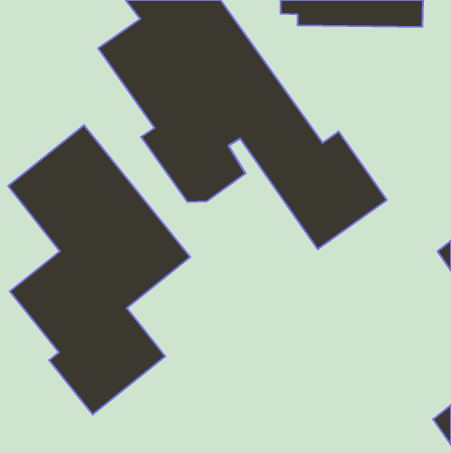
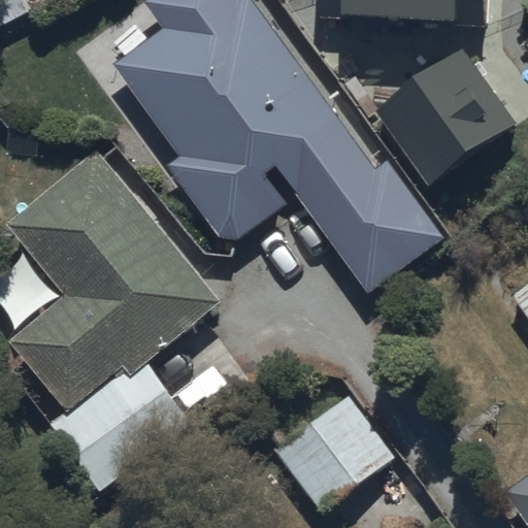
building: none -> [371,42,514,183]
building: none -> [273,393,394,510]

